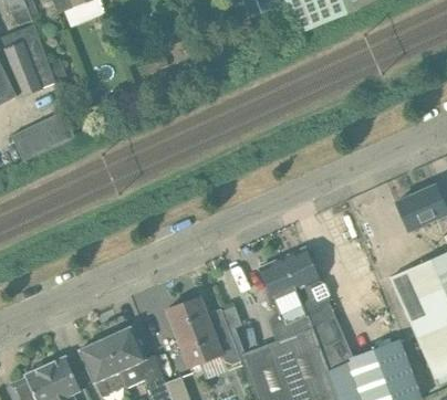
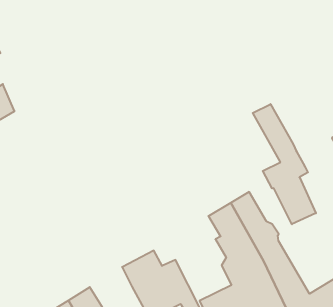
building: none -> [253,104,316,224]

